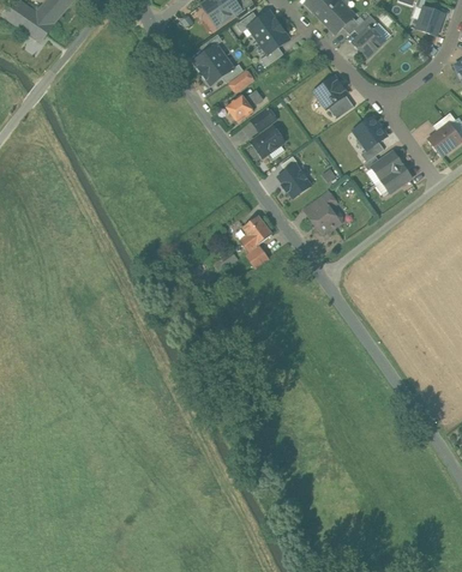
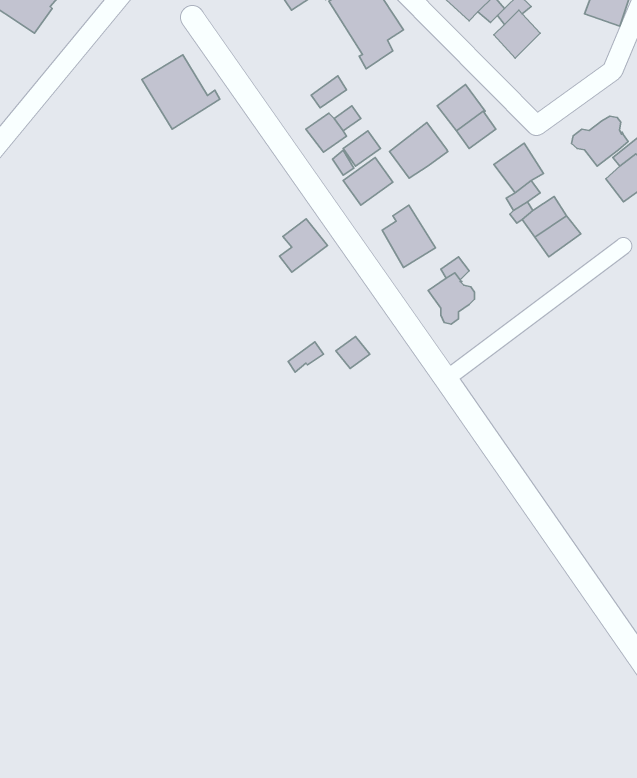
building: [188,37,241,88] -> [142,55,220,129]
building: none -> [571,116,628,166]
building: none -> [390,123,448,178]
building: [239,215,271,251] -> [279,219,327,272]

